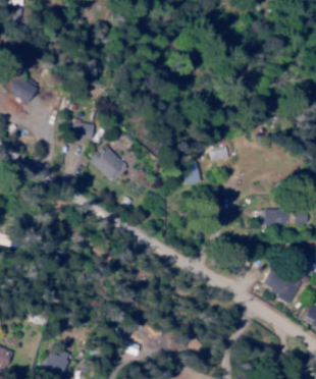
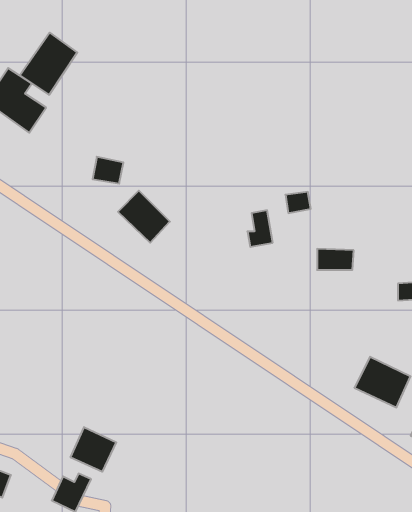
building: none -> [20,33,77,95]
building: [263,209,289,224] -> [317,249,354,270]
building: none -> [71,427,116,472]

